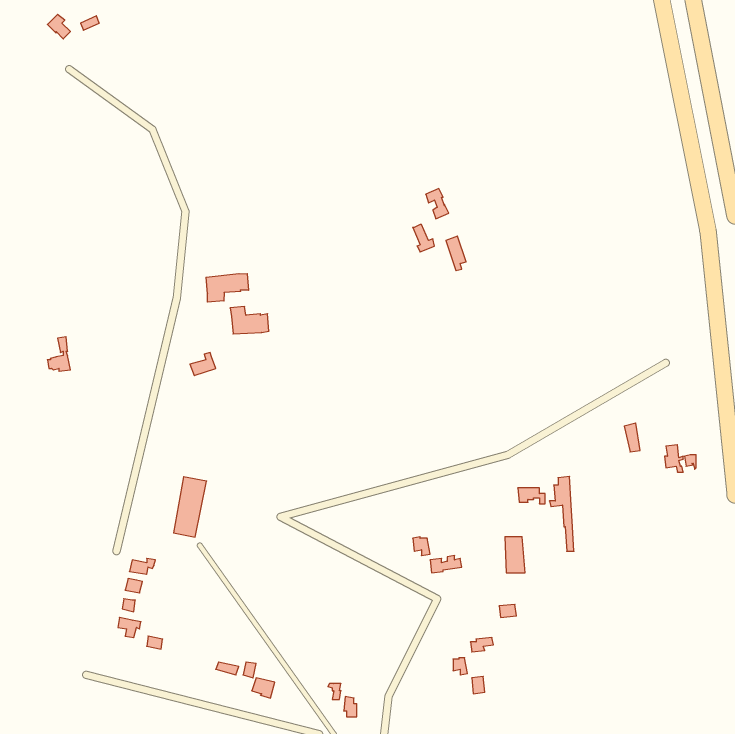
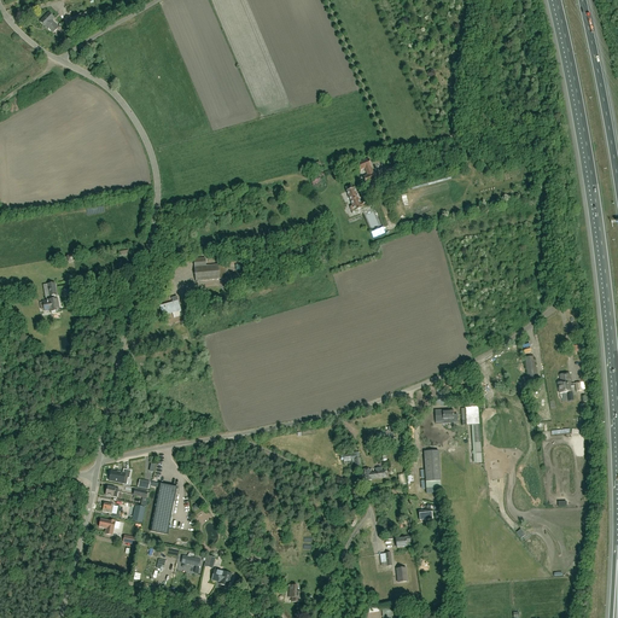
building: [206,274,249,302] -> none
building: [174,477,207,537] -> [150,483,177,534]

